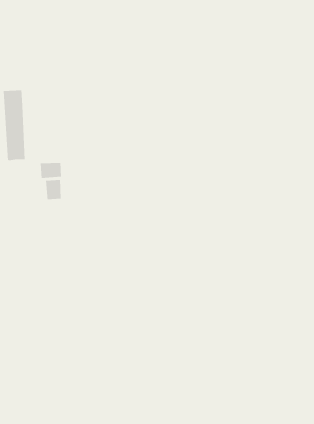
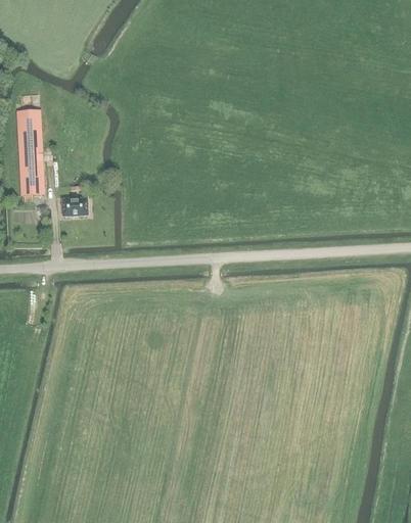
building: [46,179,61,200] -> none

